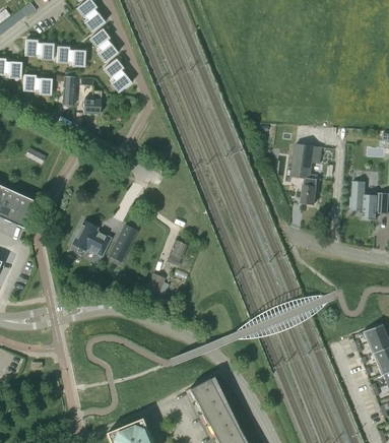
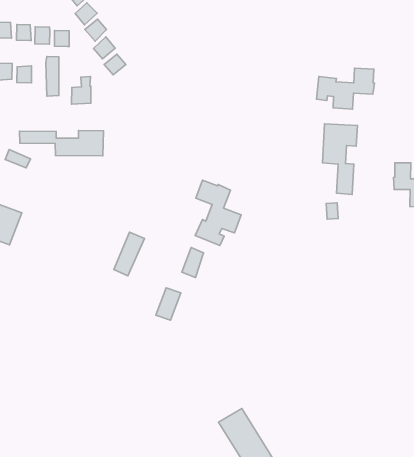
building: none -> [317,68,375,109]
building: none -> [19,131,103,156]
building: none -> [195,180,241,246]
building: [73,222,112,256] -> none

